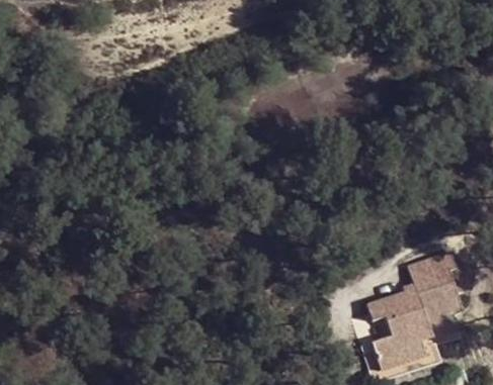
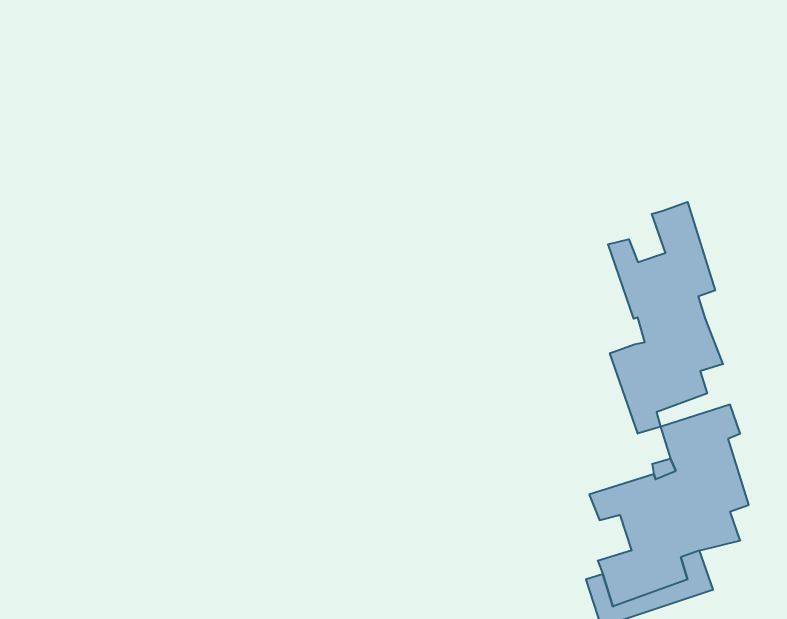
building: none -> [608,202,723,434]

